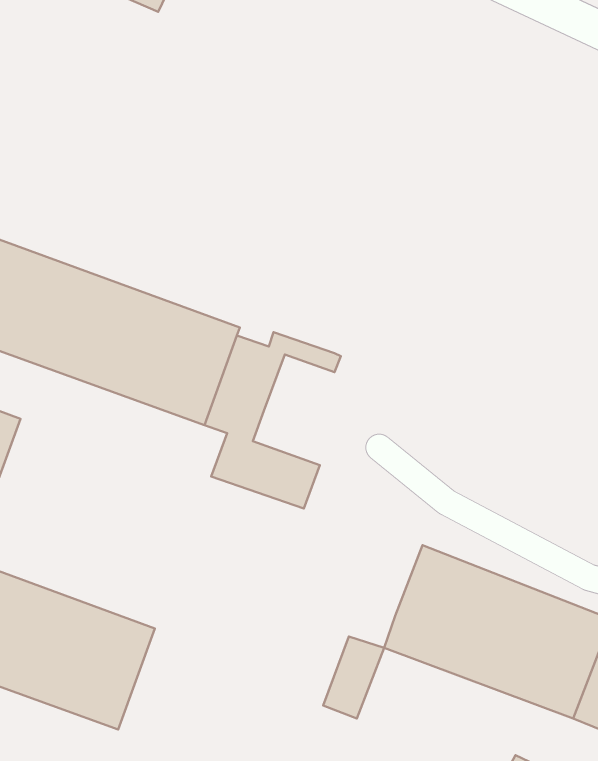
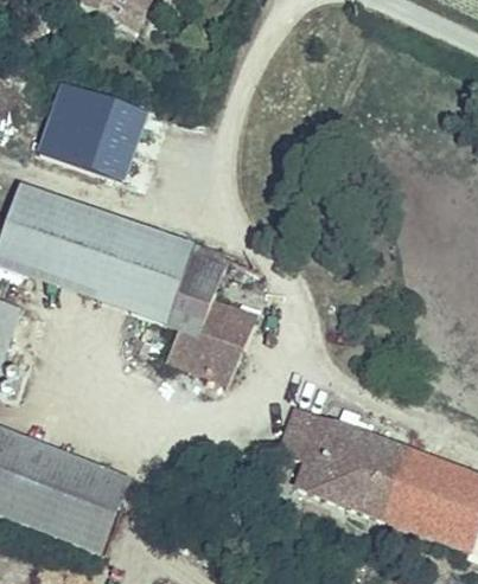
building: none -> [32,76,147,177]
building: none -> [197,313,255,353]
building: [323,637,384,718] -> [278,404,323,464]

